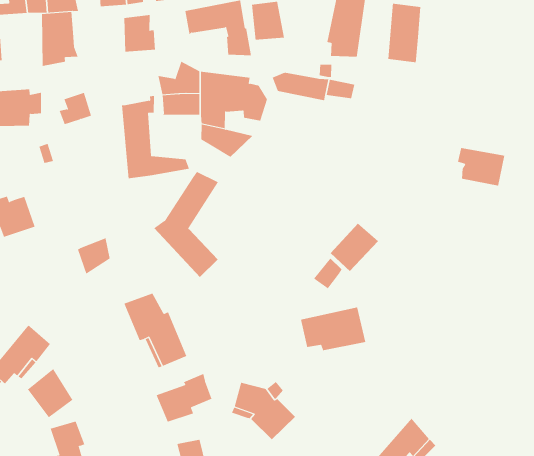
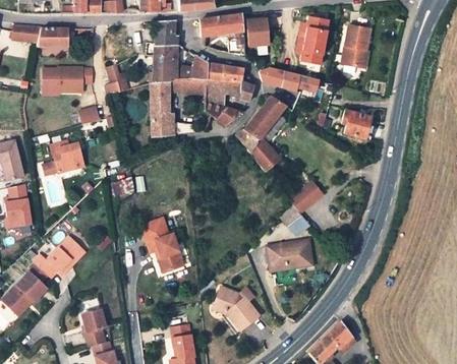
building: [41,11,78,66] -> [153,46,179,83]
building: [457,147,505,186] -> [342,110,377,139]
building: [153,171,219,278] -> [235,96,284,172]
building: [27,368,73,418] -> none
building: [156,373,212,423] -> none

